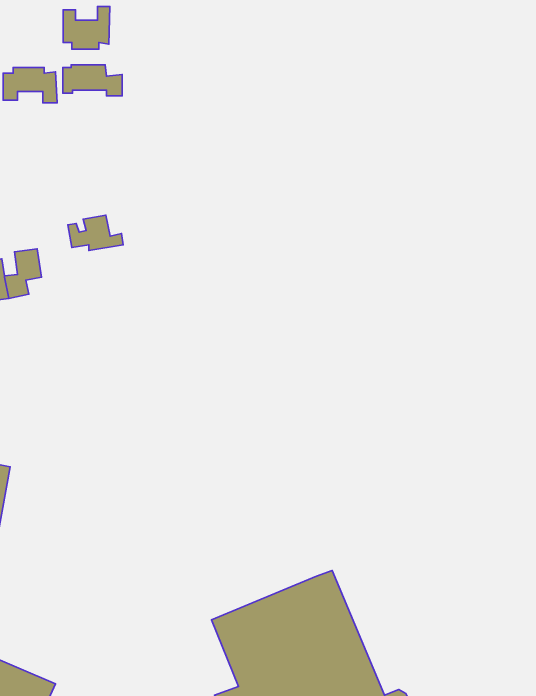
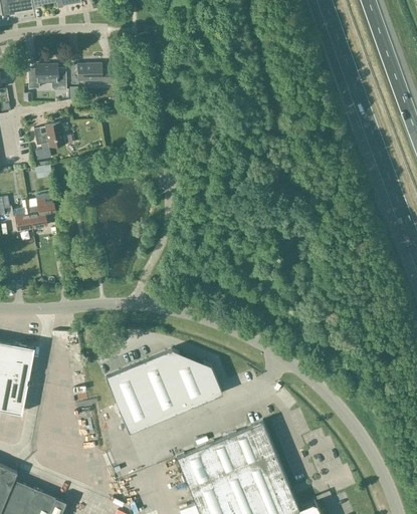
building: [63,7,110,49] -> none
building: [68,215,123,250] -> [33,122,72,148]
building: none -> [105,349,222,433]

